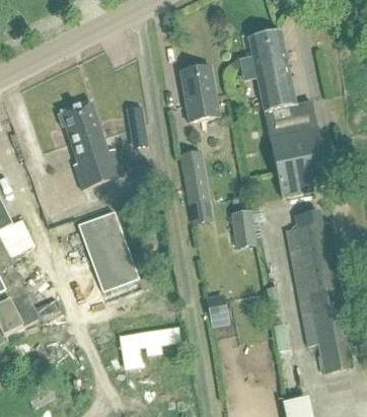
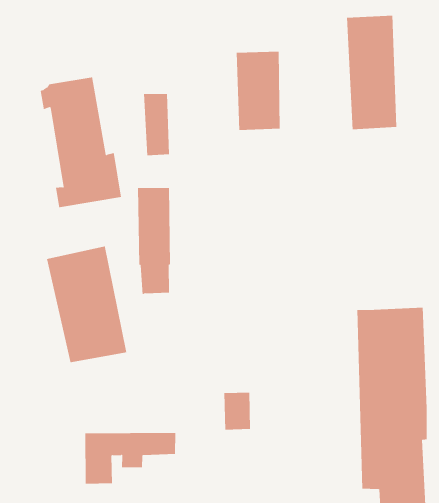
building: [265,100,325,196] -> none
building: [179,148,211,221] -> [137,187,171,295]
building: [232,210,254,245] -> none

